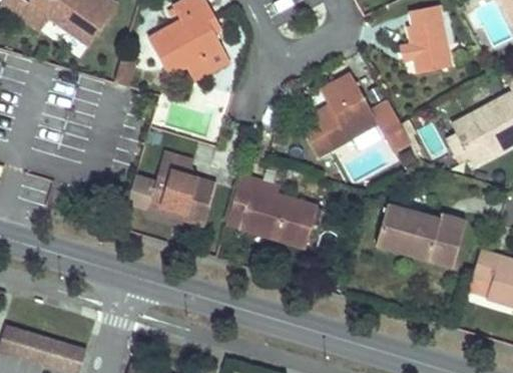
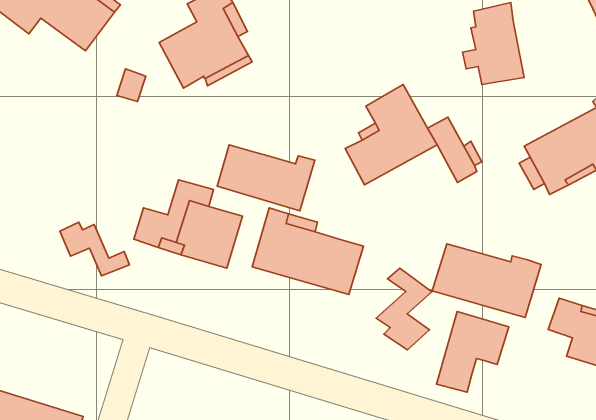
building: none -> [217,145,315,211]
building: none -> [60,222,129,276]
building: none -> [376,268,432,350]
building: none -> [437,312,509,392]

